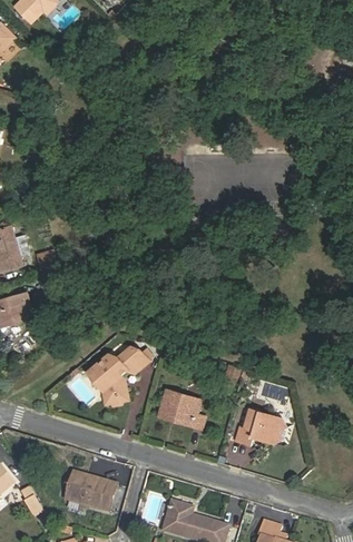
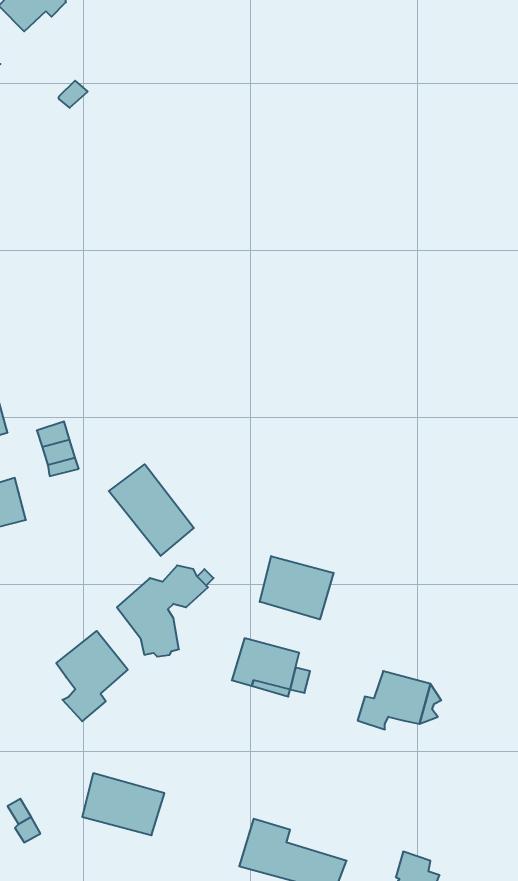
building: none -> [109,464,194,556]
building: none -> [260,556,334,619]
building: none -> [56,631,128,721]

